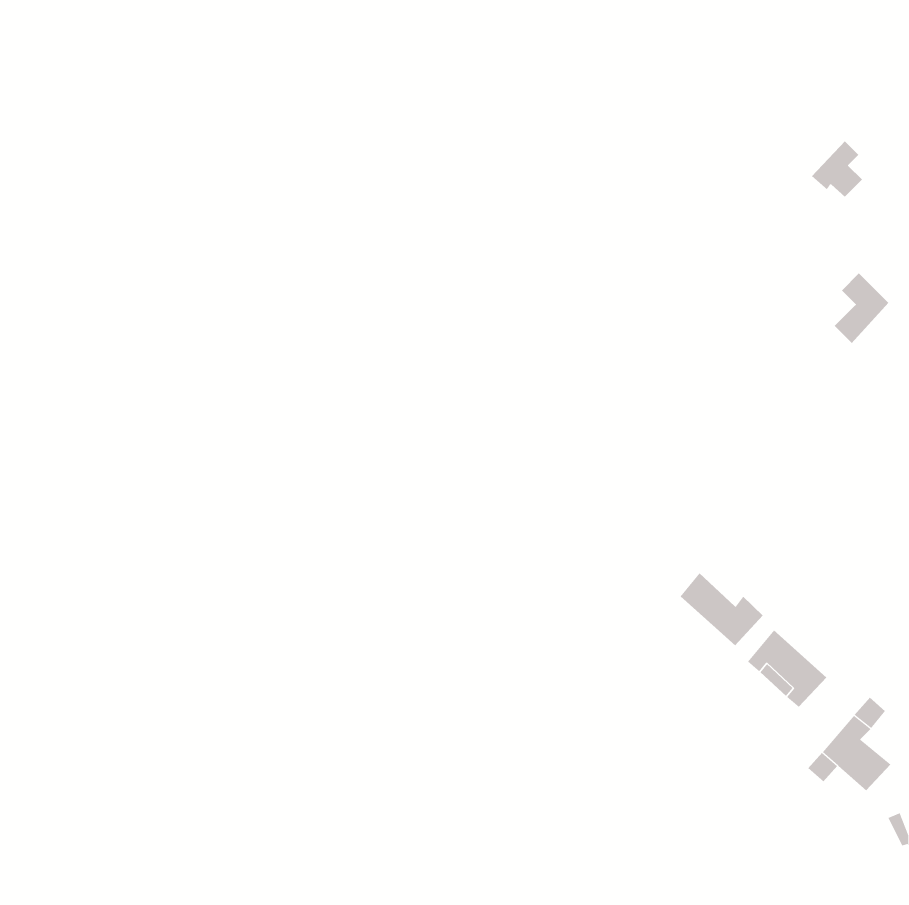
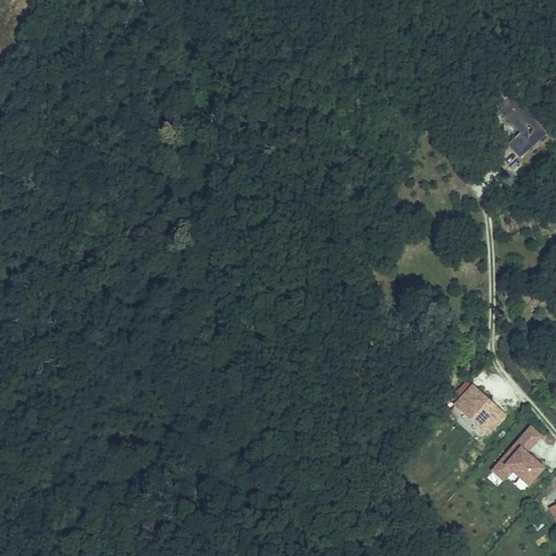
building: [834,273,889,344] -> [511,110,545,153]
building: [680,573,764,646] -> none

